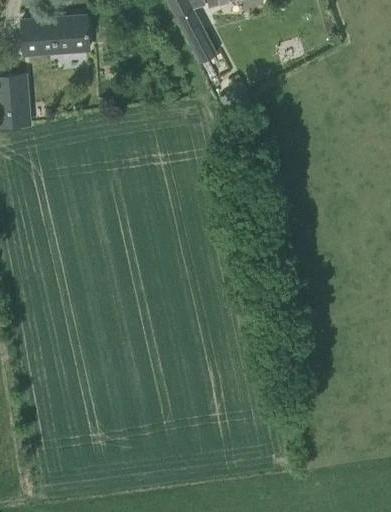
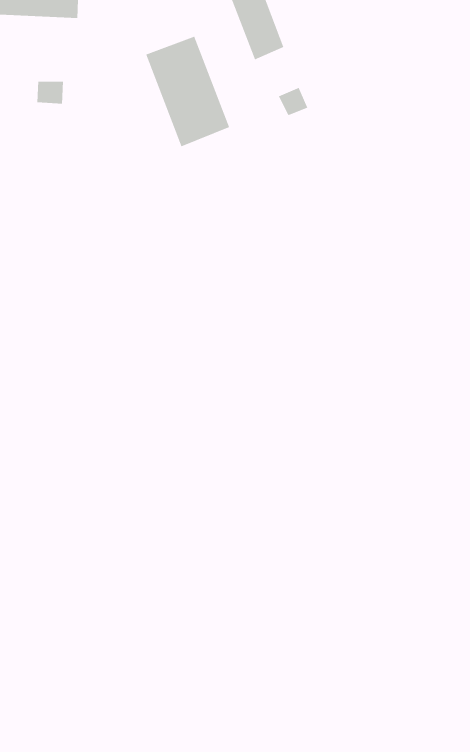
building: none -> [145,36,230,147]

